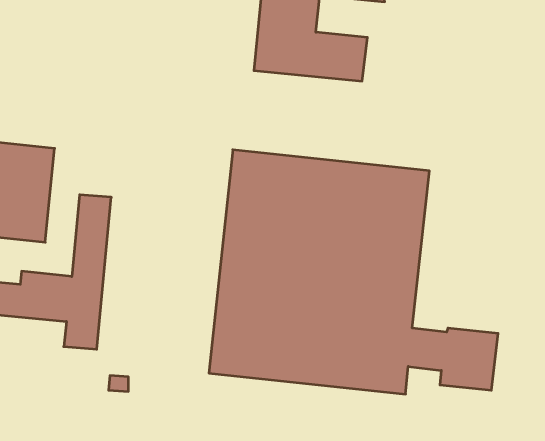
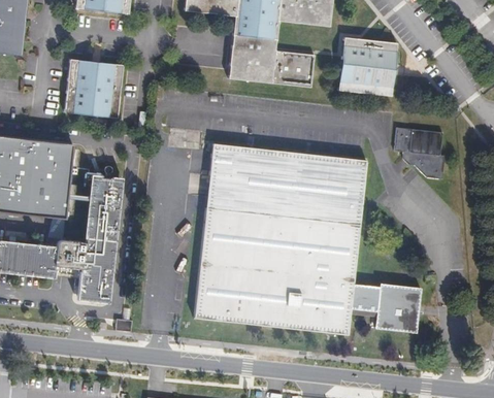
building: none -> [339,36,399,96]
building: none -> [65,59,126,119]
building: none -> [396,125,447,176]

